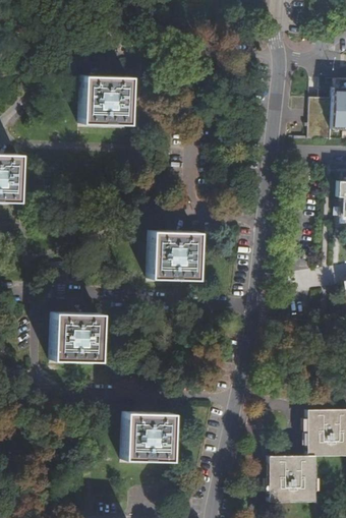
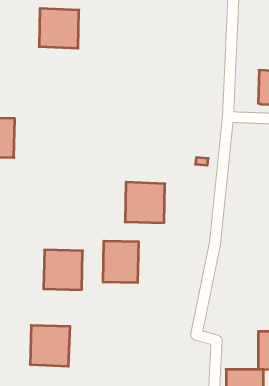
building: [82,76,130,124] -> [39,8,79,48]
building: none -> [103,241,138,283]
building: [124,410,172,459] -> [30,325,70,366]

